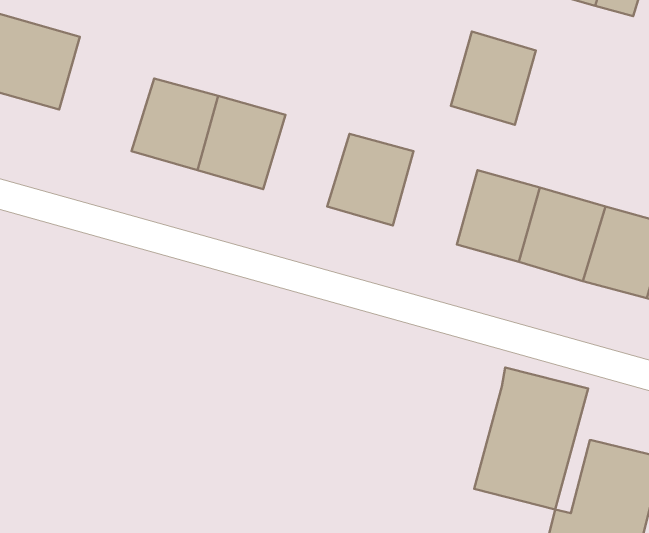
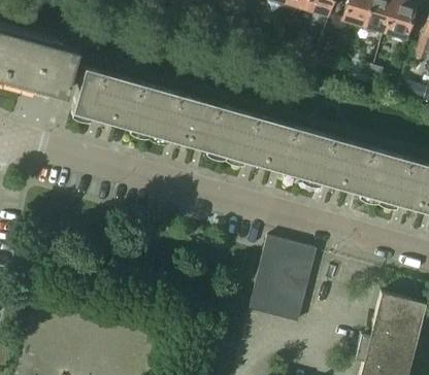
building: [451,31,536,125] -> [263,122,314,177]
building: none -> [71,68,121,122]
building: none -> [186,100,237,155]
building: [474,368,588,510] -> [249,239,317,323]

